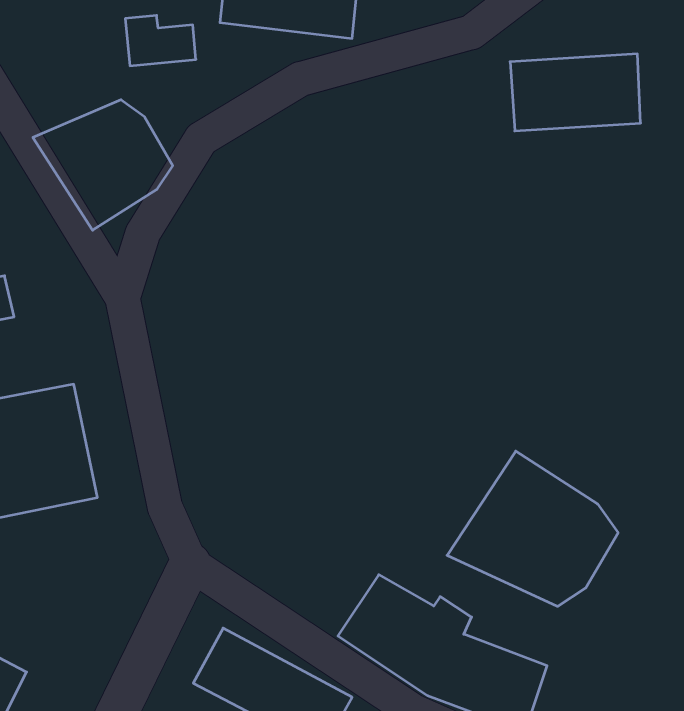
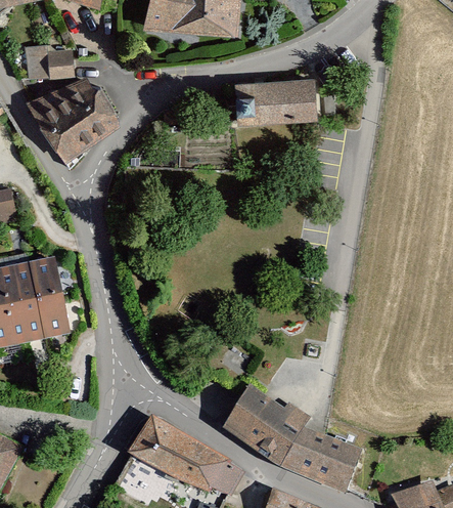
building: [125,15,196,66] -> [26,45,72,78]
building: [510,54,641,131] -> [232,76,317,126]
building: [447,451,618,606] -> none

